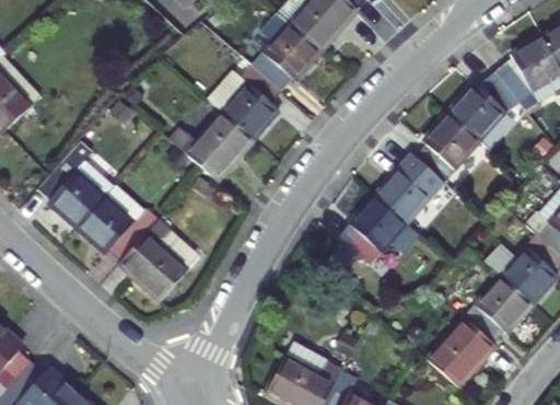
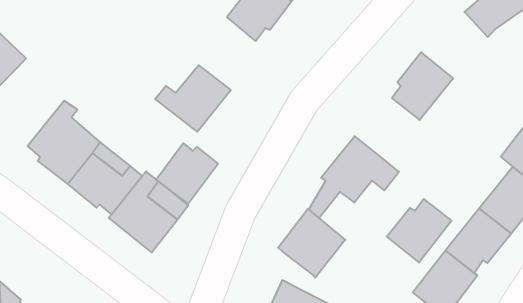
building: [220,63,280,139] -> none
building: [451,71,521,139] -> none
building: [377,157,445,222] -> [387,199,452,262]
building: none -> [156,143,218,204]
building: none -> [278,209,345,278]

